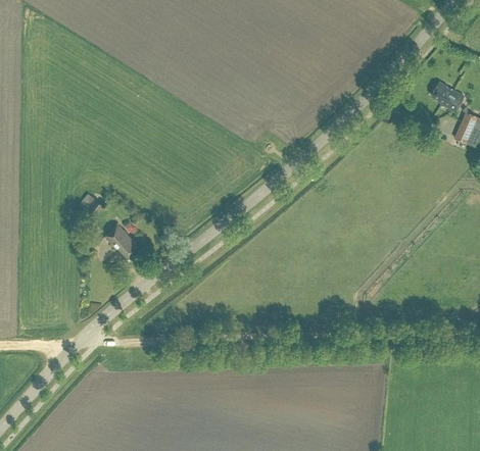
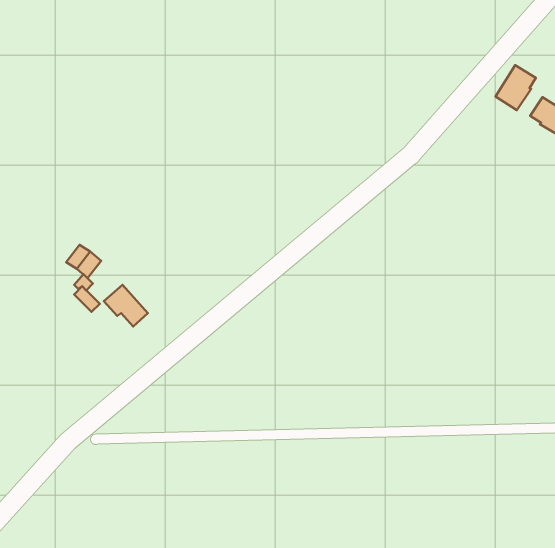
building: none -> [495,65,536,110]

